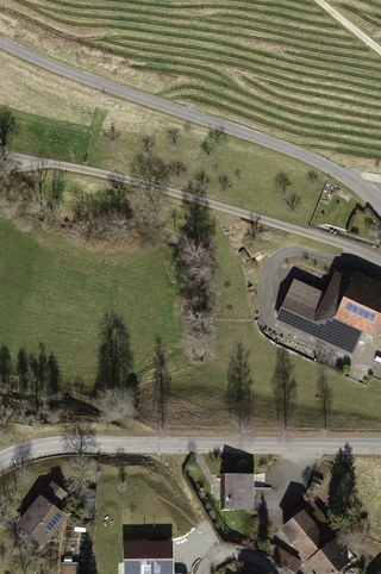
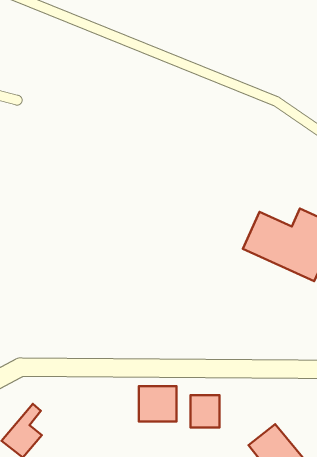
building: none -> [139,386,177,421]

